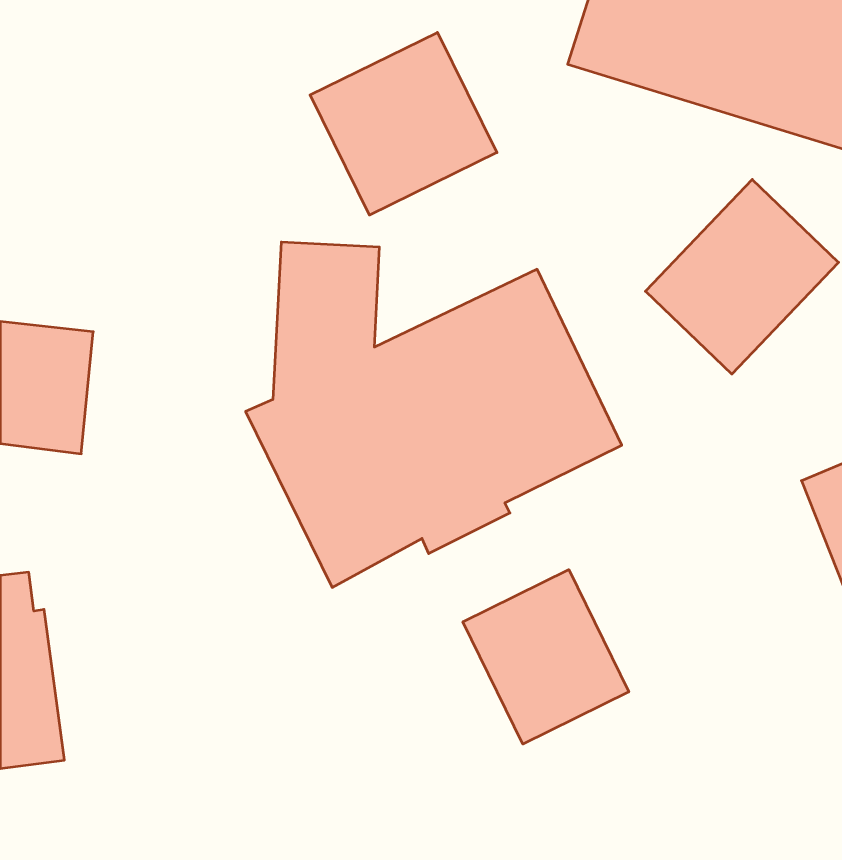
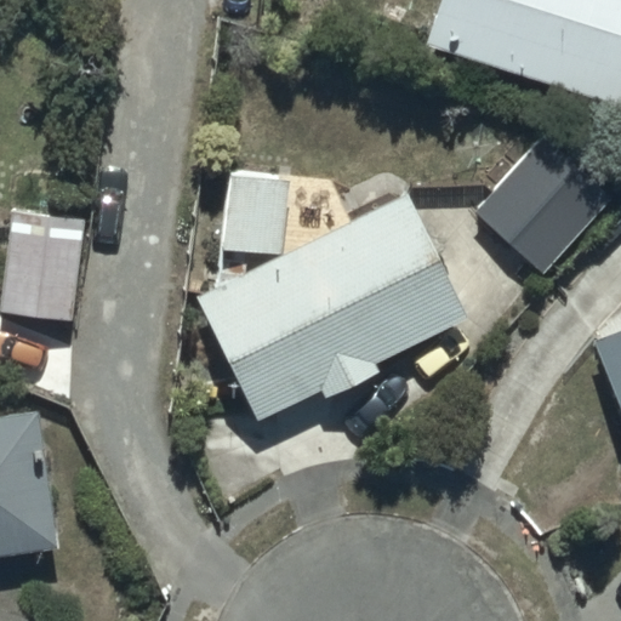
building: [310,32,497,215] -> none
building: [463,570,629,744] -> none

